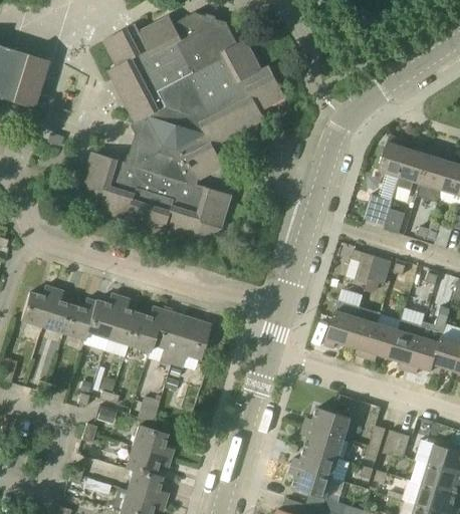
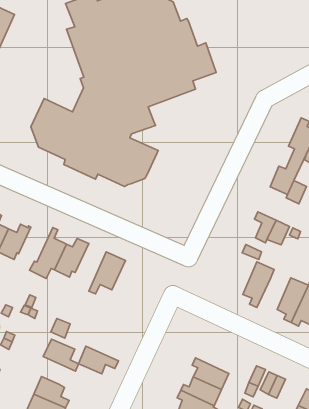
building: [88,293,124,339] -> none
building: [325,300,361,347] -> none
building: [156,310,188,364] -> none
building: [368,323,399,360] -> none
building: [305,407,352,438] -> none
building: [126,446,171,475] -> [78,346,118,374]

